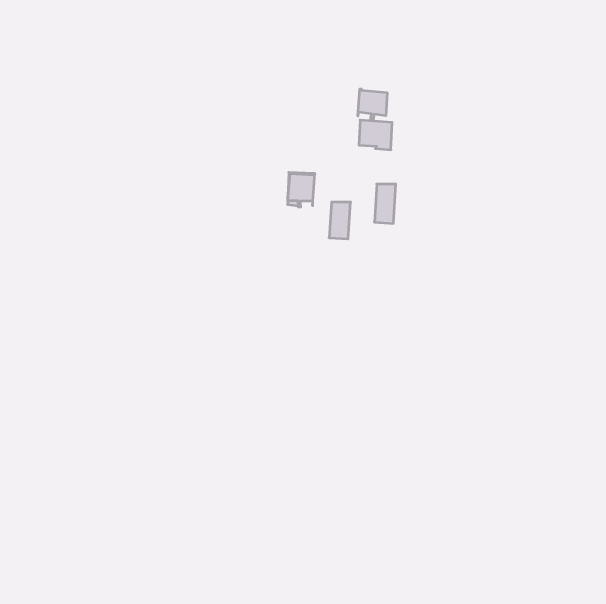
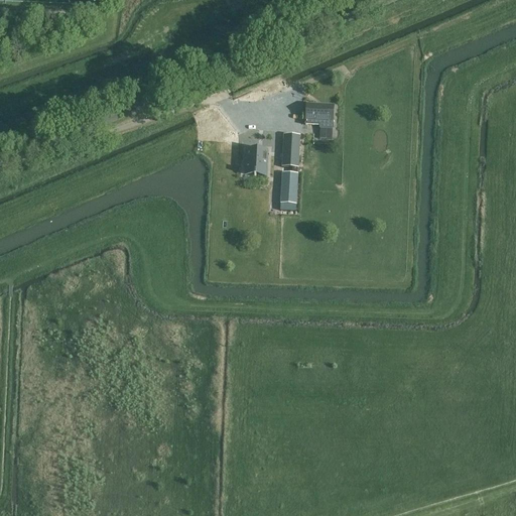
building: [358,89,387,119] -> none
building: [374,184,396,223] -> [281,133,299,166]

